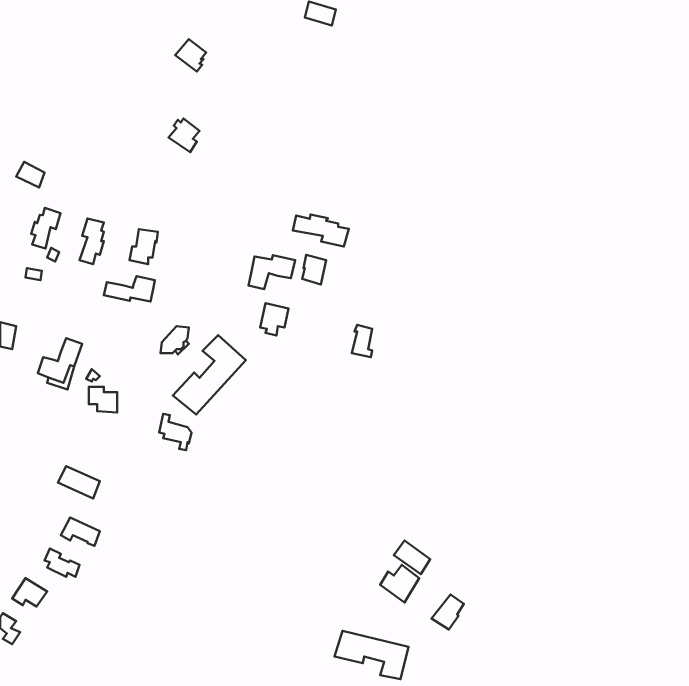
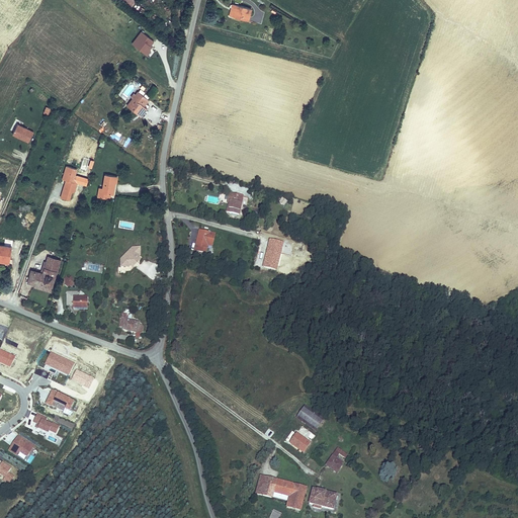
building: [31,208,60,248] -> none
building: [293,214,349,246] -> none
building: [249,255,295,289] -> none
building: [104,276,155,301] -> none
building: [173,335,246,414] -> none
building: none -> [308,488,336,510]

